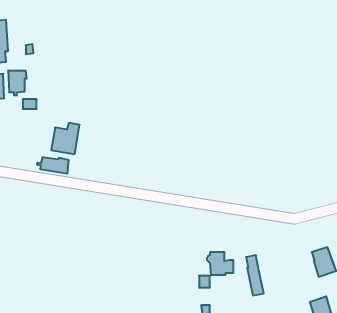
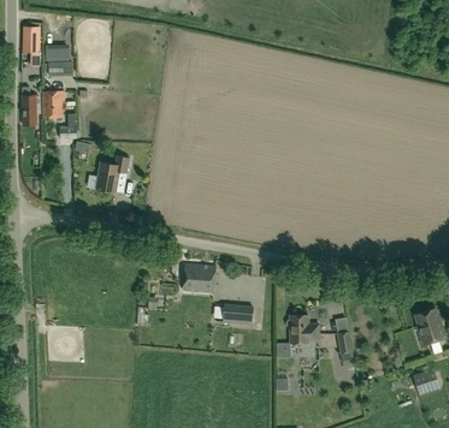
building: [37,157,68,174] -> none
building: none -> [182,263,214,291]
building: none -> [221,303,253,323]

